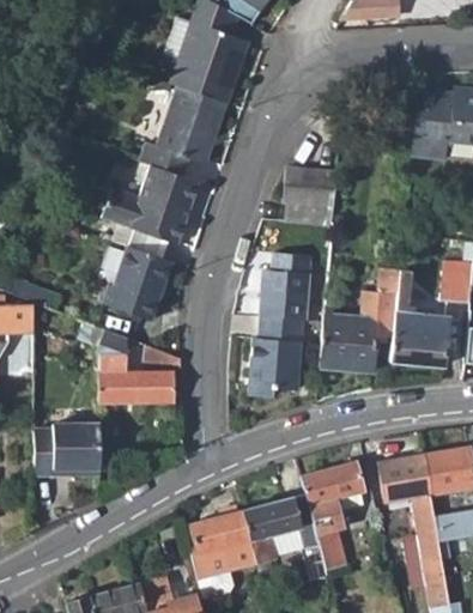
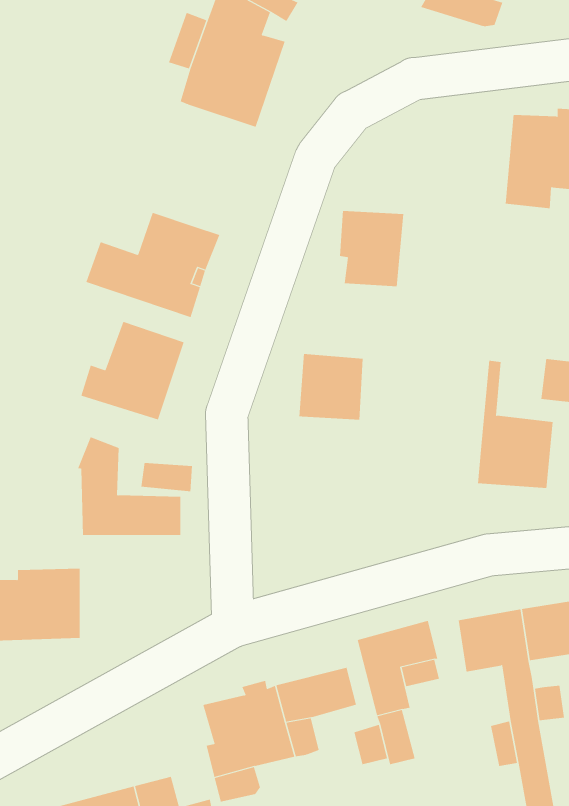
building: [144,83,229,172] -> none
building: [321,269,400,369] -> none
building: [247,312,308,397] -> none

